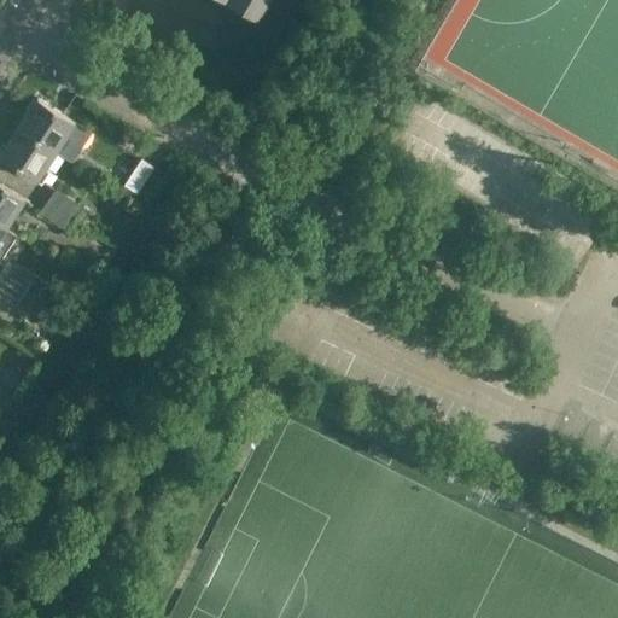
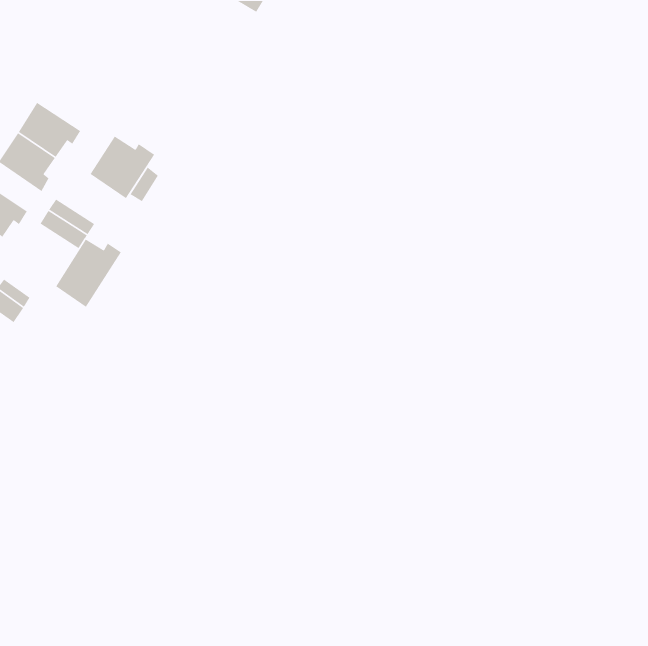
building: none -> [90,136,155,199]
building: none -> [55,239,122,308]

